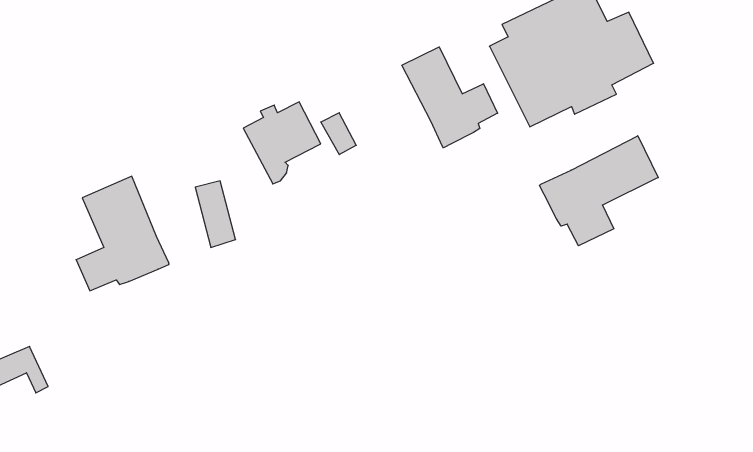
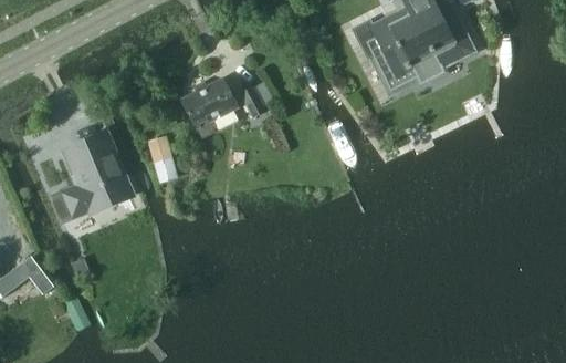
building: [402,47,498,148] -> none
building: [539,136,658,246] -> none

